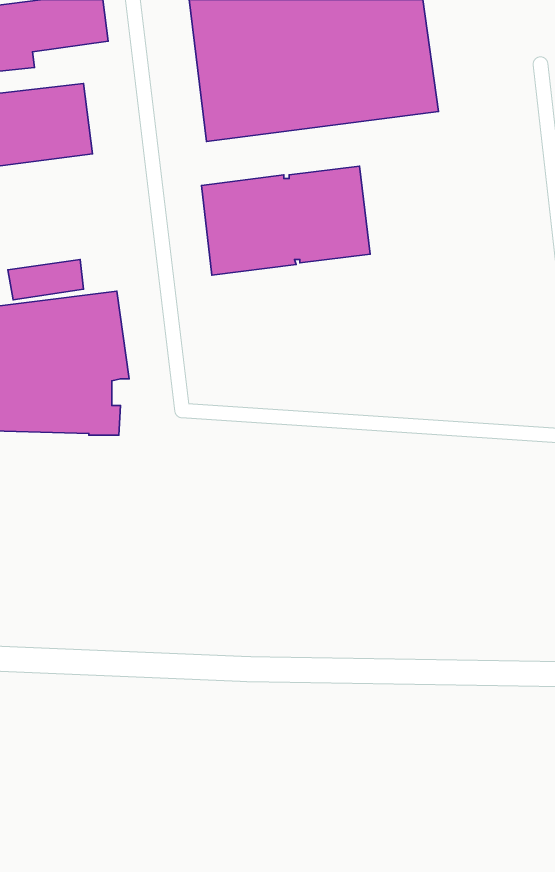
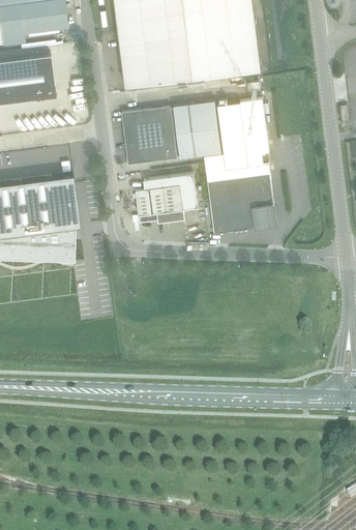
building: none -> [205,100,275,235]
building: none -> [136,175,198,225]

